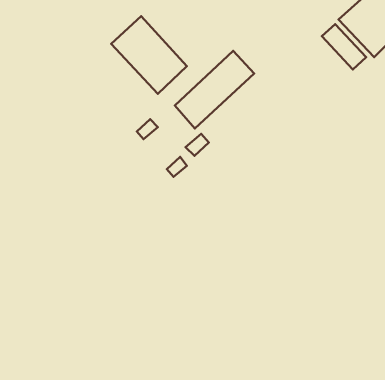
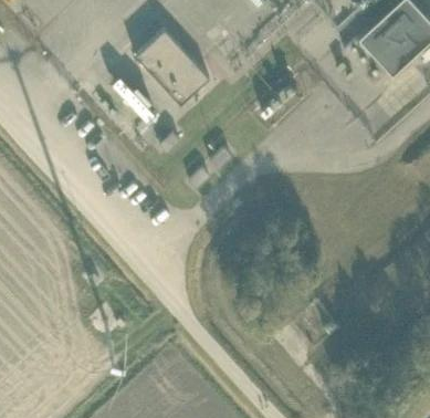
building: [175,51,254,128] -> none

